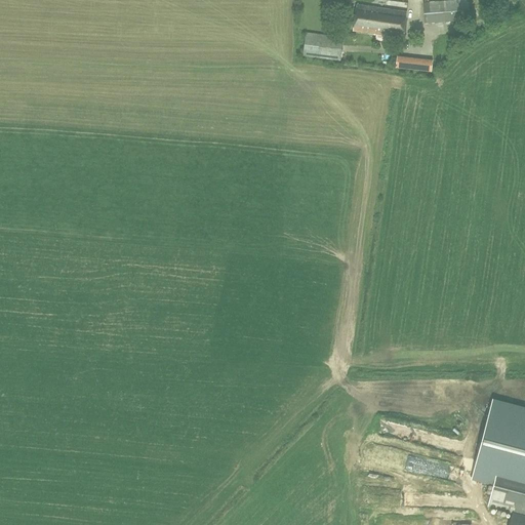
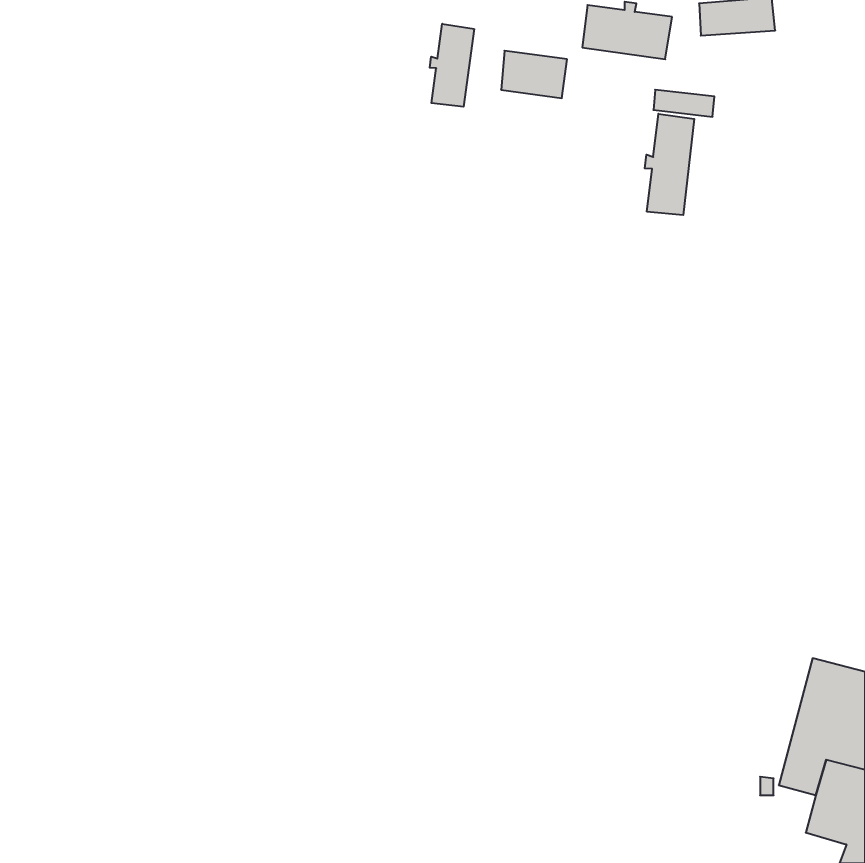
building: none -> [430,24,474,107]
building: none -> [645,114,694,215]

